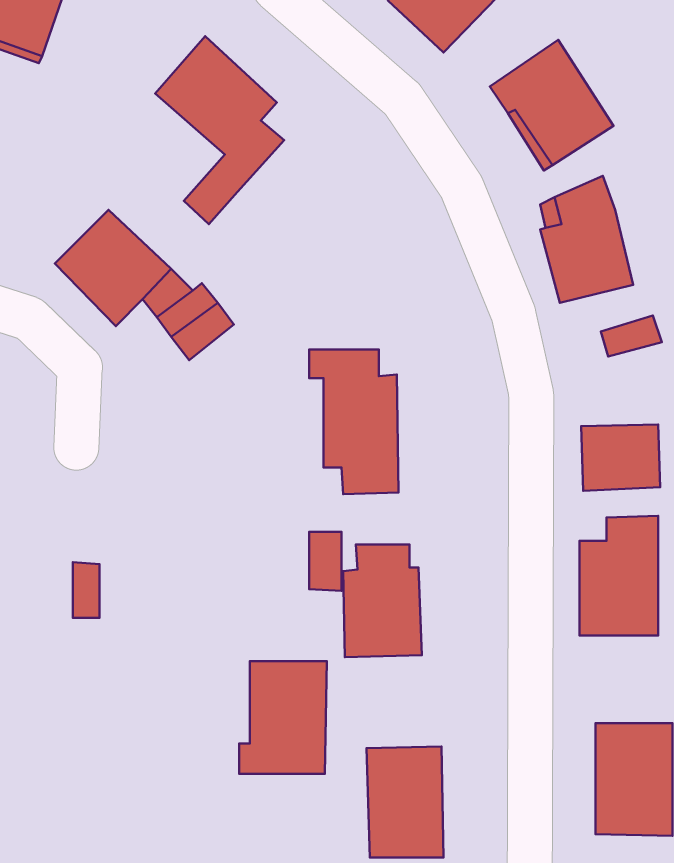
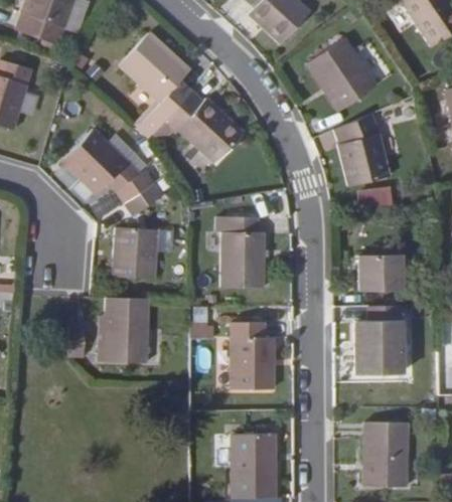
building: none -> [164,94,243,165]
building: none -> [113,232,156,282]
building: [239,661,327,774] -> [102,301,151,364]

